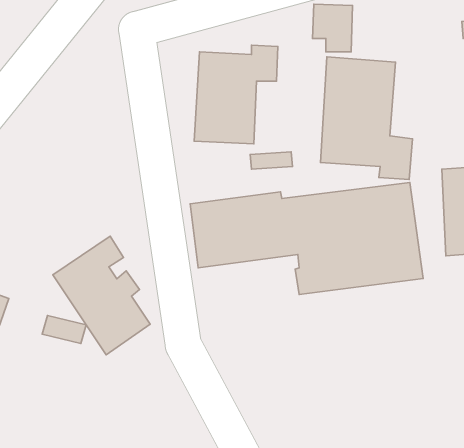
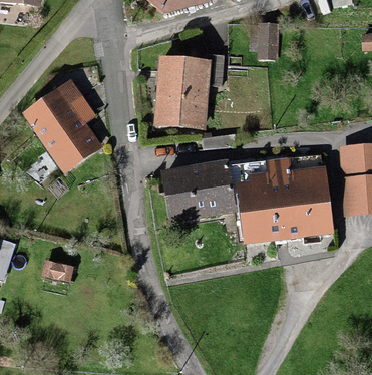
building: [321,57,413,180] -> none
building: [53,236,150,355] -> [27,83,100,172]

